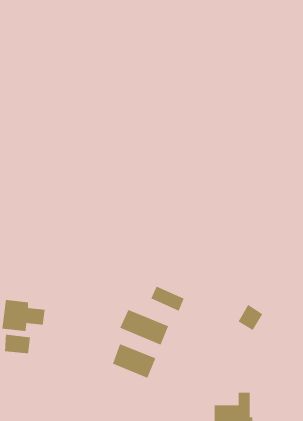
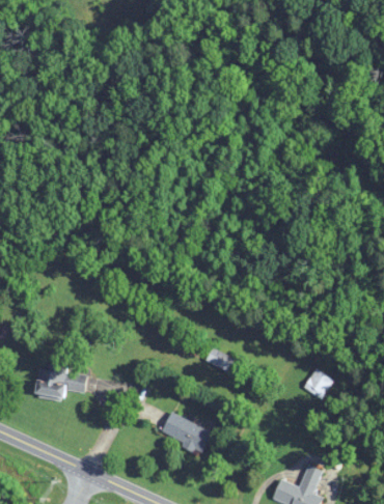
building: [119,309,169,345] -> none
building: [5,334,30,354] -> none

